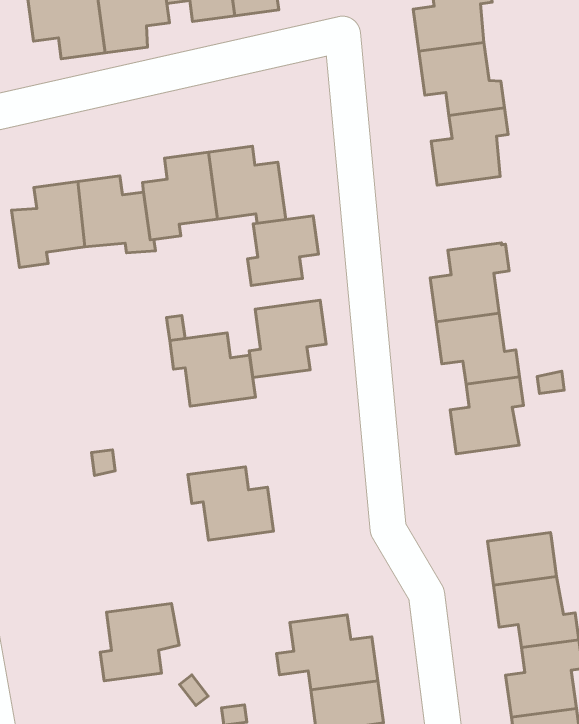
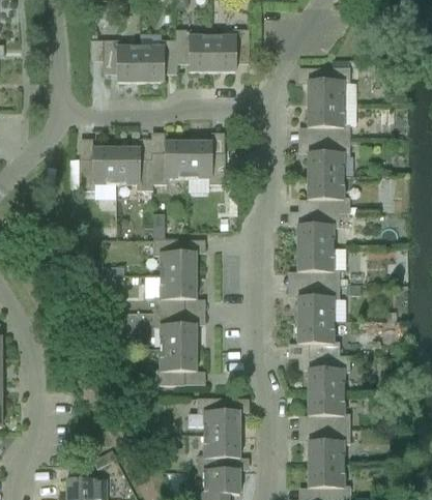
building: none -> [308,175,350,211]
building: [248,216,318,285] -> none
building: [249,300,326,378] -> [154,274,196,311]
building: none -> [298,319,349,370]
building: [100,603,179,681] -> [154,347,197,383]

